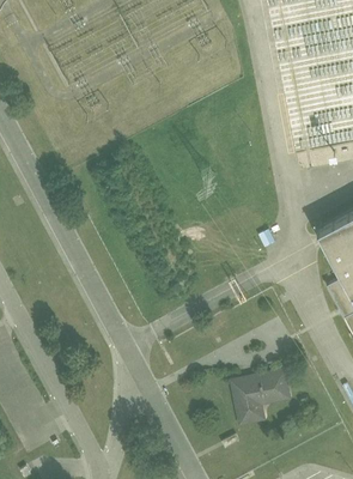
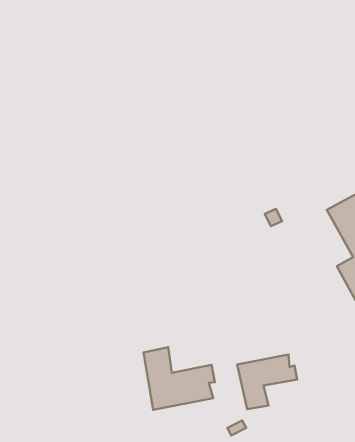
building: none -> [143,347,215,410]

